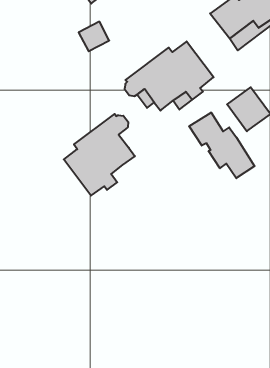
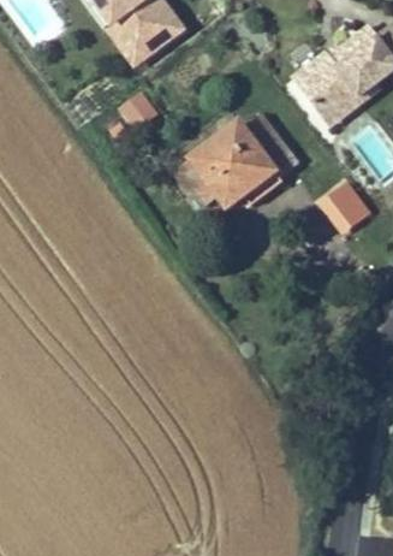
building: [189,112,255,178] -> none
building: [64,114,135,196] -> none

